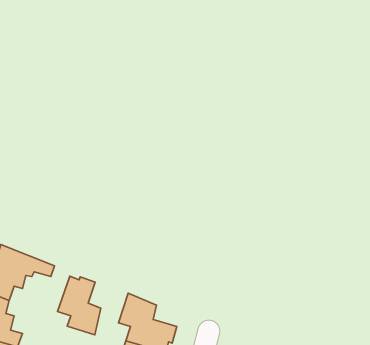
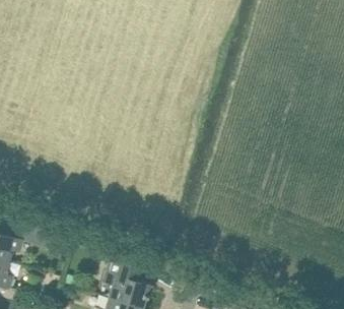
building: [57,276,101,335] -> none

